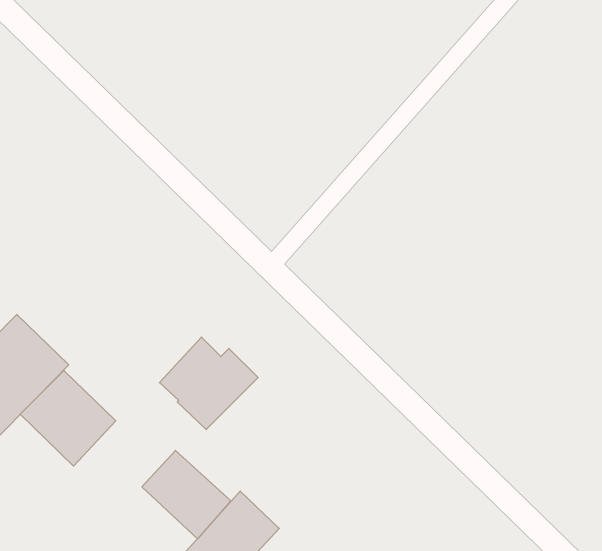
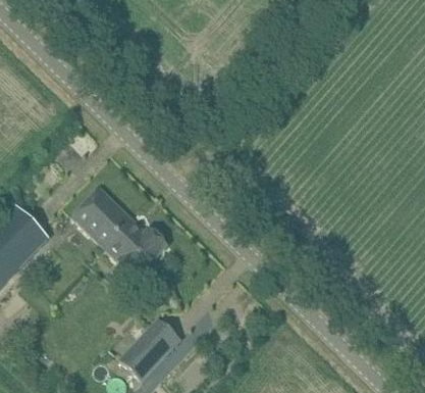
building: [20,370,116,466] -> [72,188,132,248]
building: [142,450,231,539] -> none

